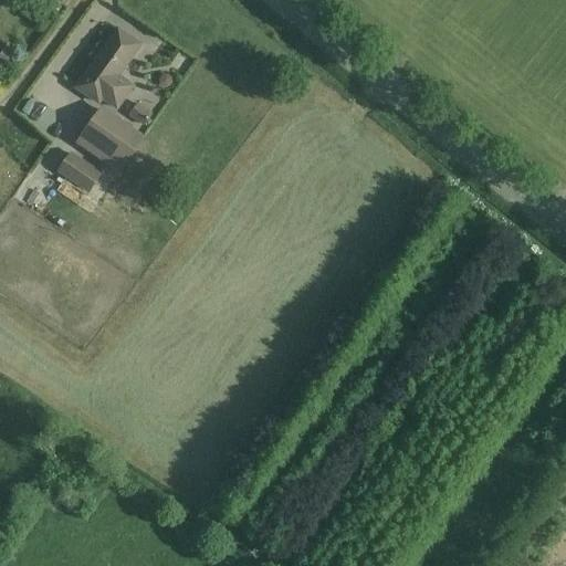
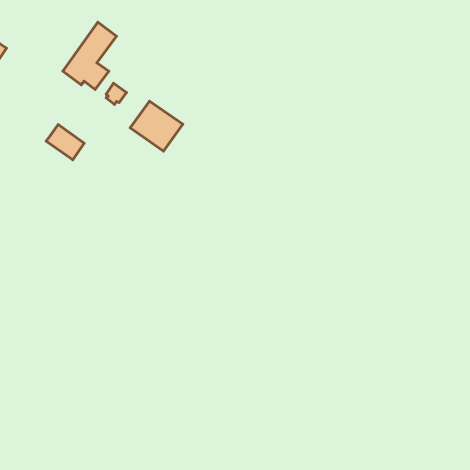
building: [75,109,138,169] -> [130,101,183,151]

